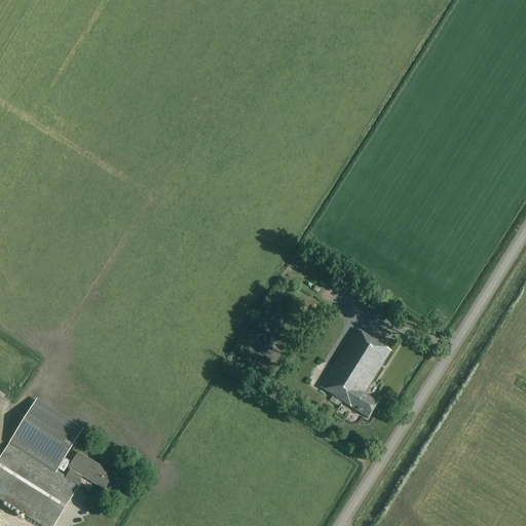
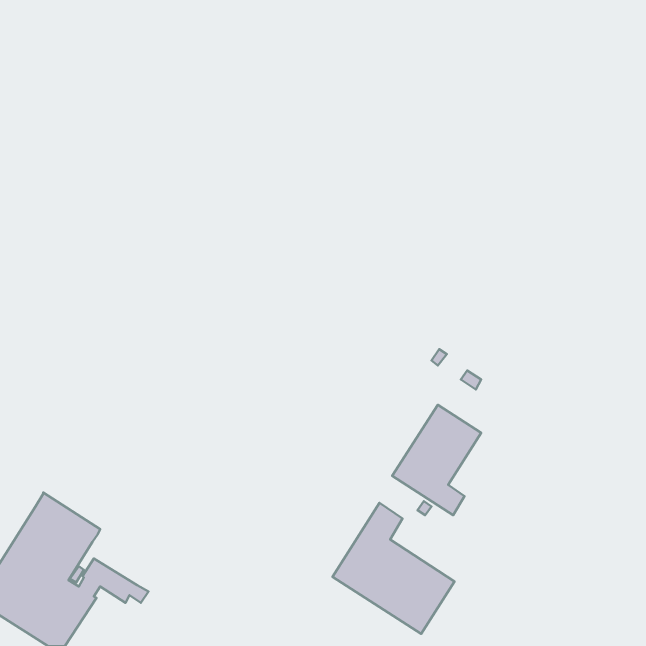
building: none -> [332,503,455,634]

